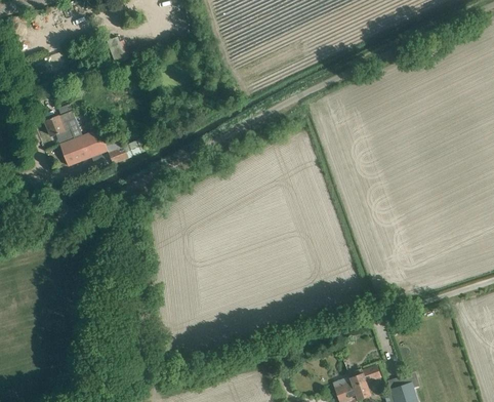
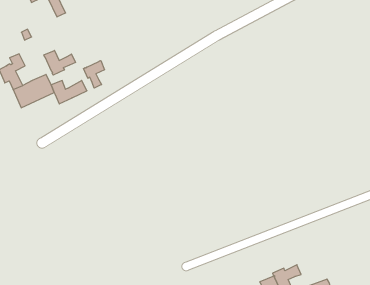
building: none -> [44,50,76,75]
building: none -> [83,61,105,88]

